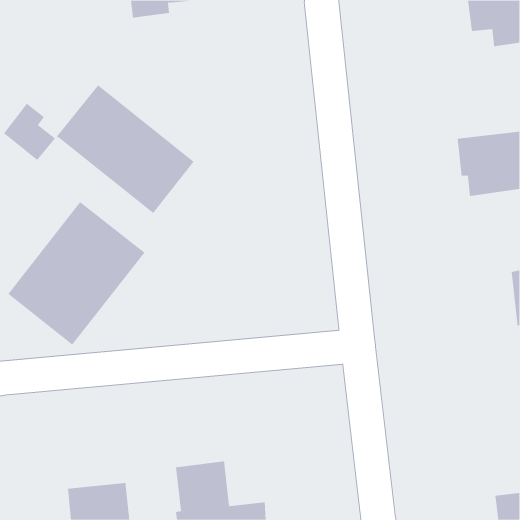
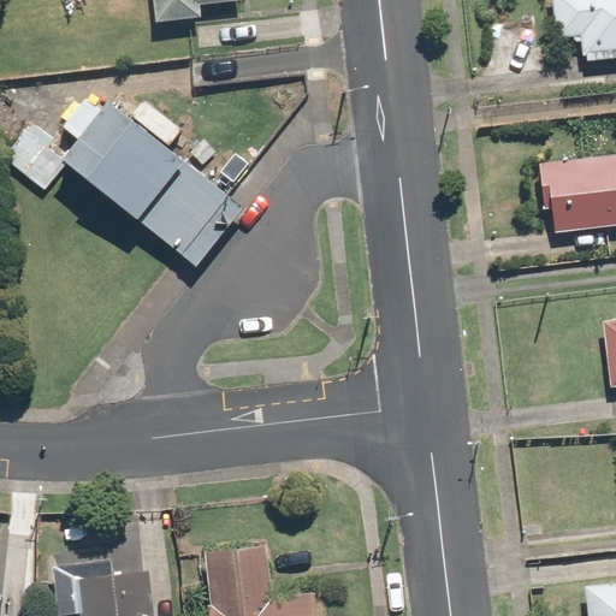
building: [8,201,146,345] -> none

